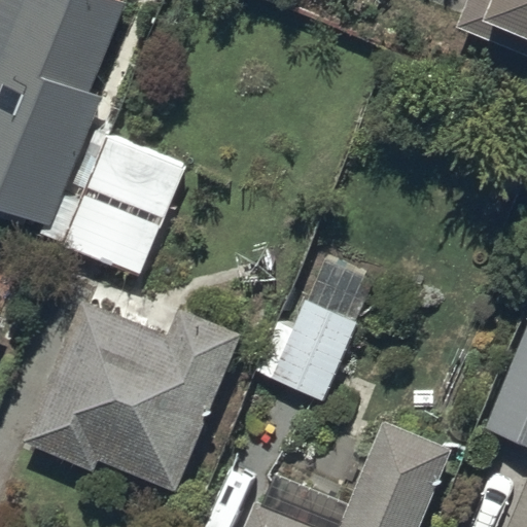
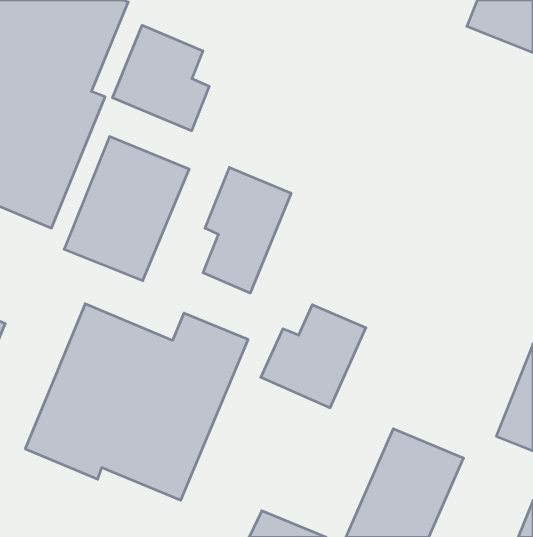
building: none -> [113,25,209,131]
building: none -> [203,167,291,293]

